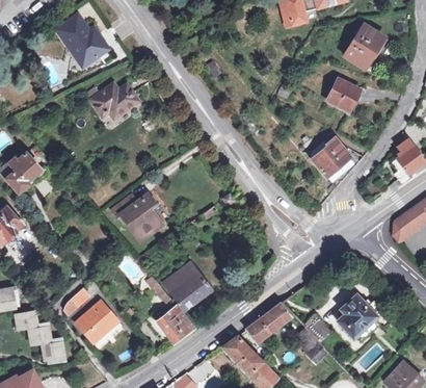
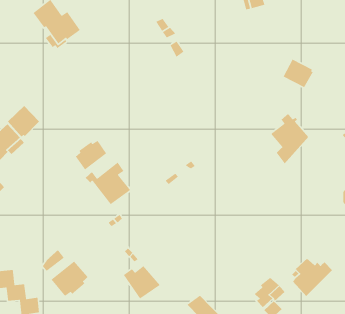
building: [344,25,388,67] -> none
building: [92,82,137,112] -> none
building: none -> [7,105,40,137]
building: none -> [75,140,107,170]
building: [163,260,213,309] -> none
building: [247,306,291,343] -> none

